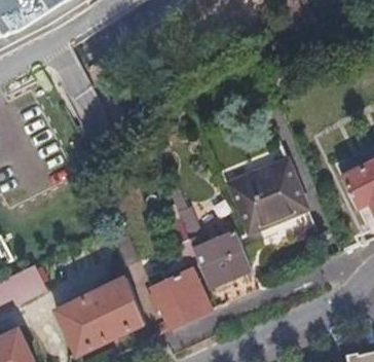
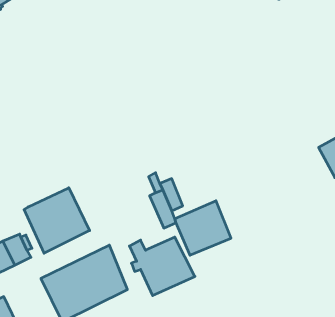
building: [231,161,309,234] -> none
building: none -> [24,188,90,253]

